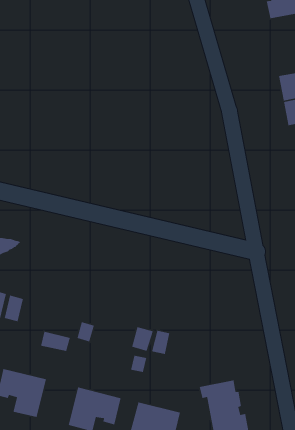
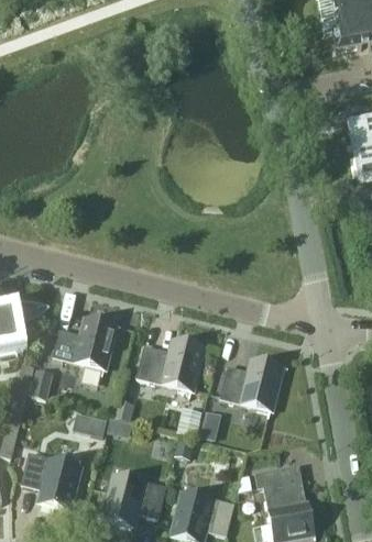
building: none -> [54,316,116,368]
building: none -> [138,338,204,390]
building: none -> [220,357,282,410]

